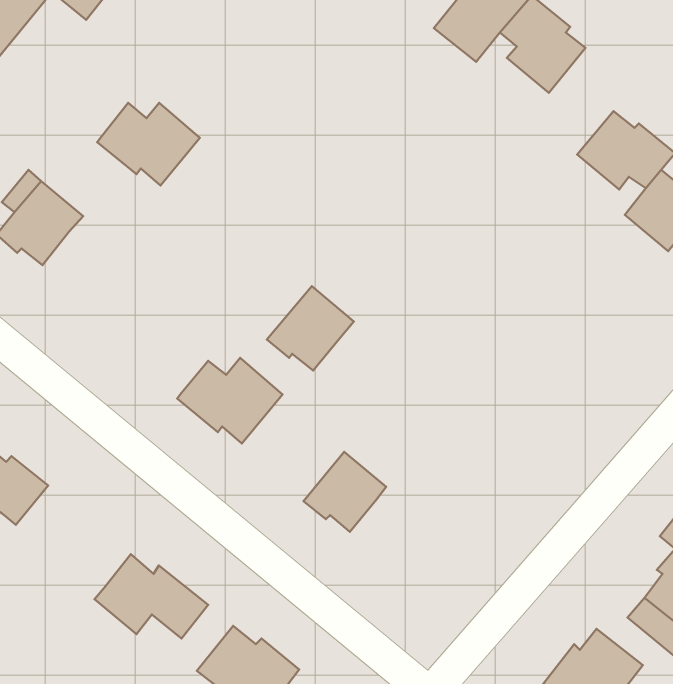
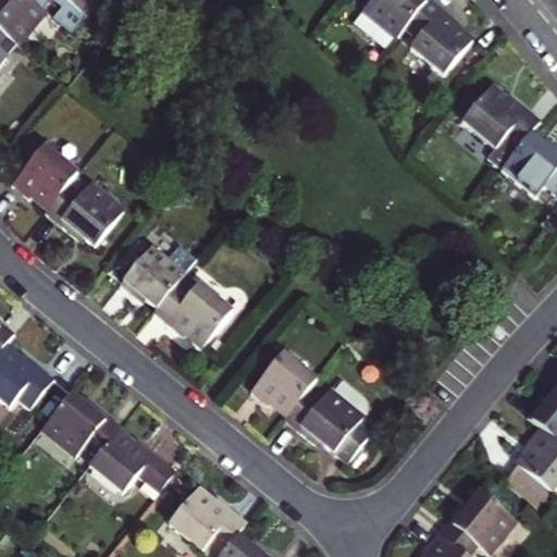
building: [97,103,200,185] -> [46,181,125,245]
building: [267,286,354,371] -> [121,240,188,306]
building: none -> [284,388,371,462]
building: none -> [42,393,122,457]

